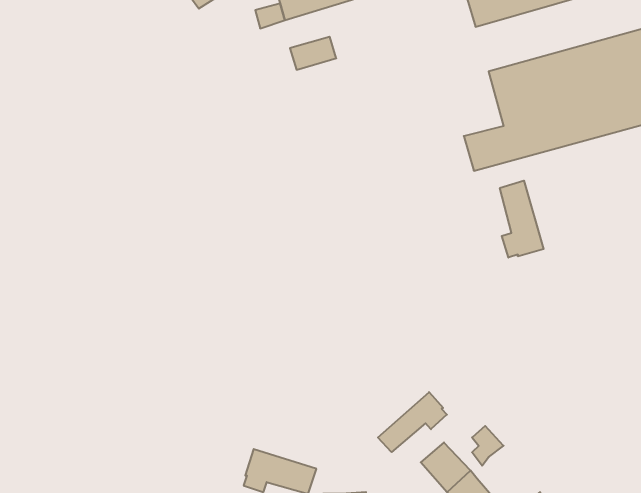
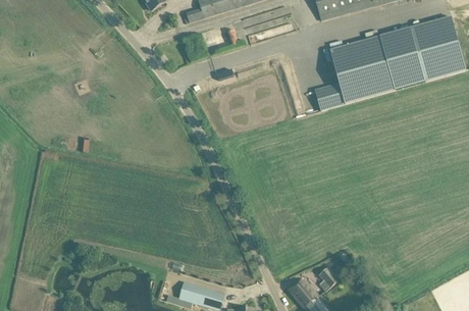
building: [500,181,544,258] -> none
building: [378,392,447,452] -> none

